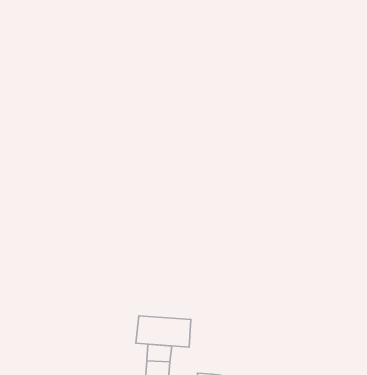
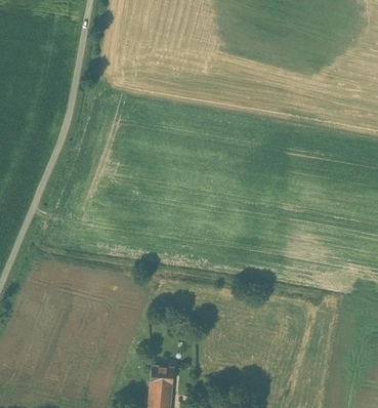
building: [136,316,191,347] -> none

